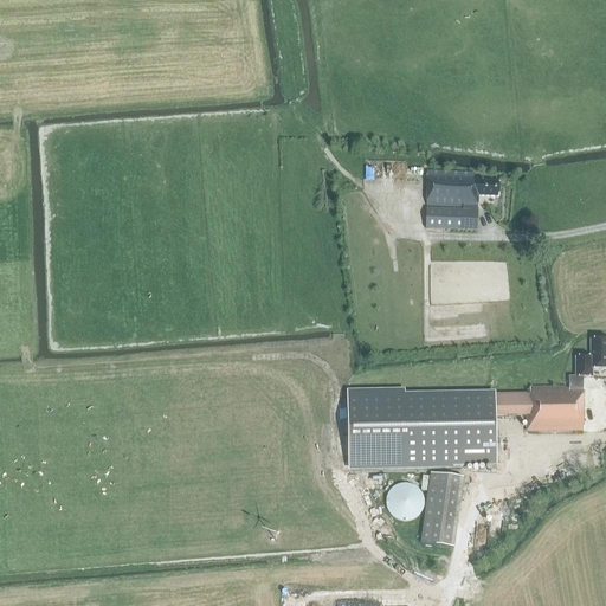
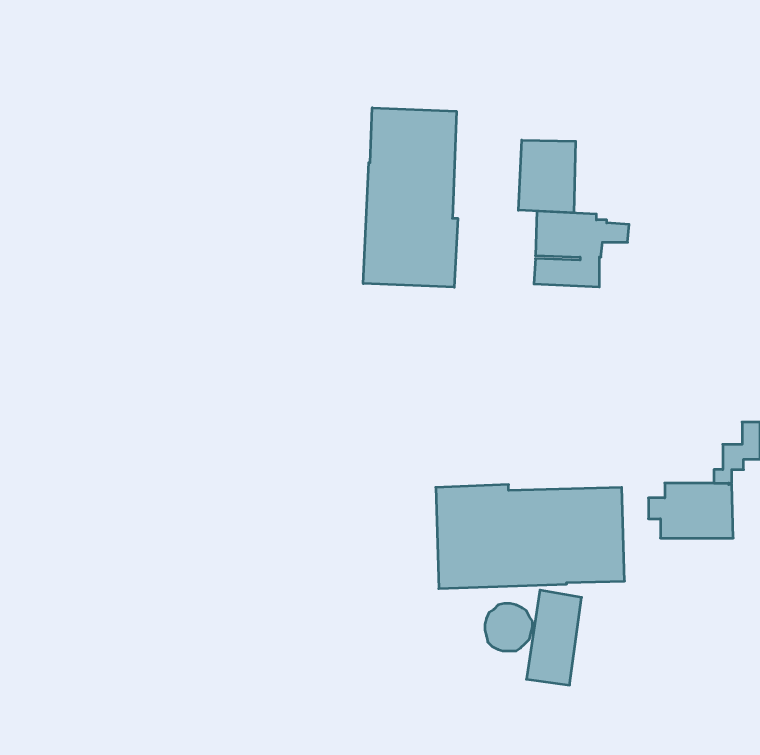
building: none -> [363,108,458,287]
building: none -> [518,140,576,213]

